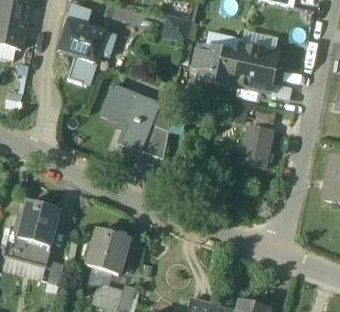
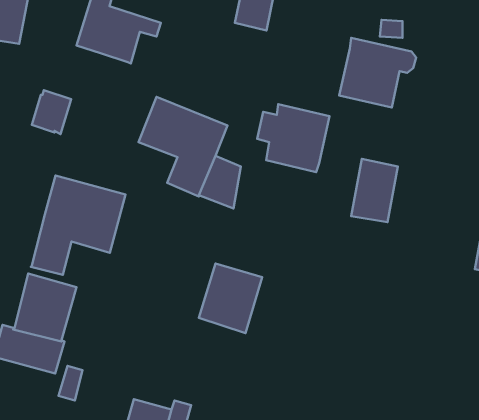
building: [192,43,240,88] -> [257,104,330,172]
building: [67,54,93,83] -> [32,90,71,134]
building: none -> [31,176,126,275]
building: [87,228,129,274] -> [199,264,262,333]

